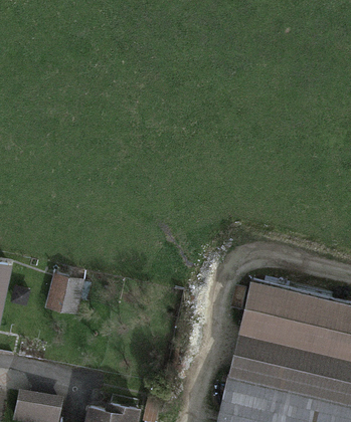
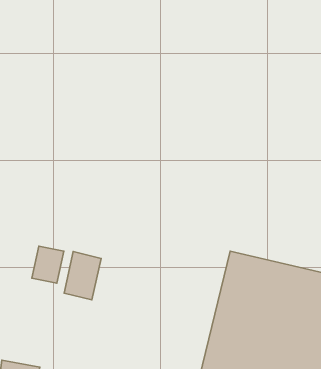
building: none -> [64,252,101,300]

